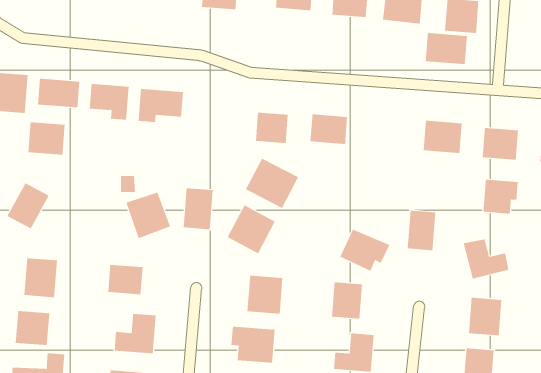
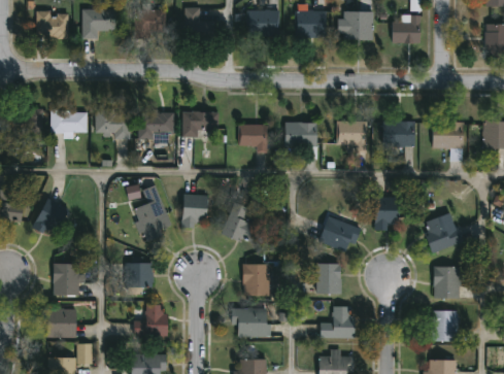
building: [425,32,467,65] -> none
building: none -> [182,112,217,137]
building: none -> [337,121,366,148]
building: [28,122,65,156] -> none
building: [245,158,299,209] -> none
building: [483,179,518,214] -> none

